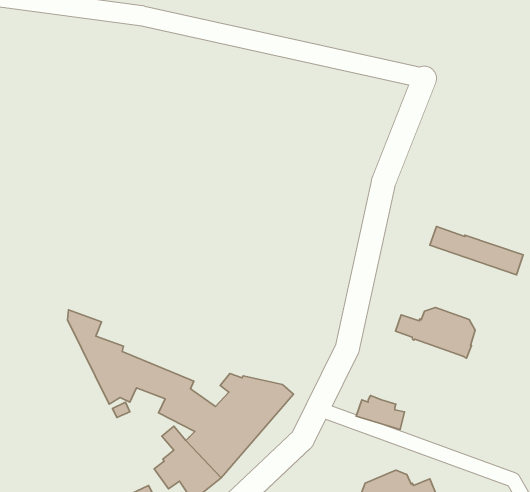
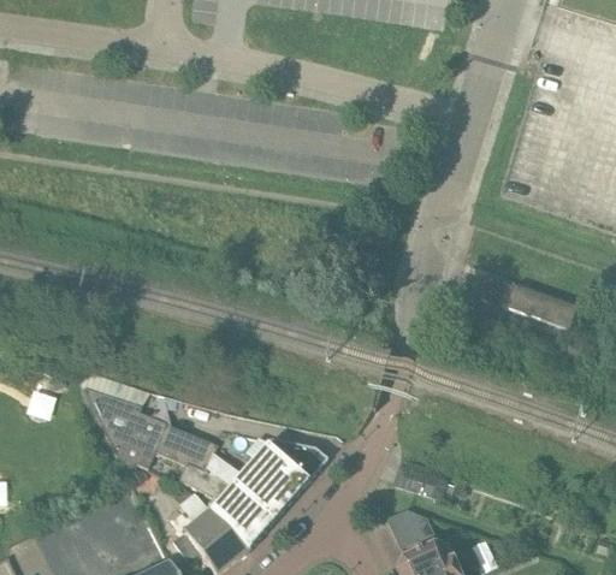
building: [395,307,475,358] -> none
building: none -> [387,509,436,549]

